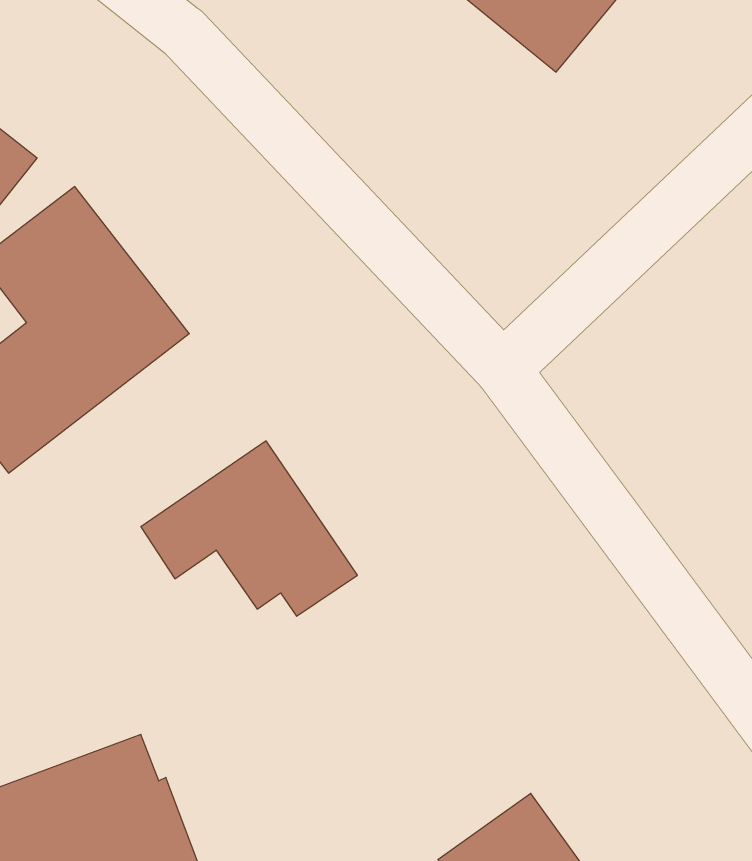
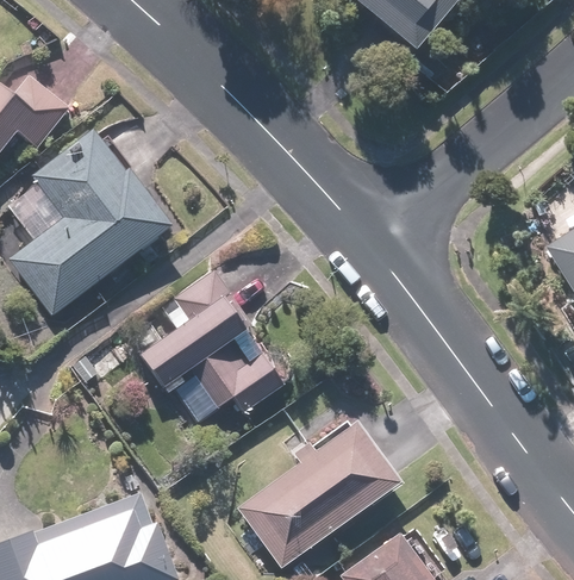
building: none -> [237,422,401,568]

